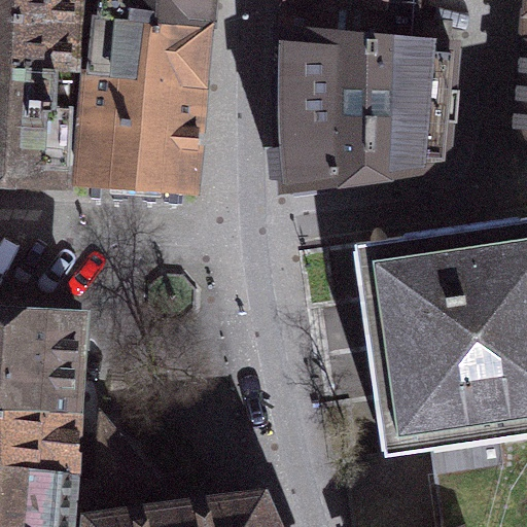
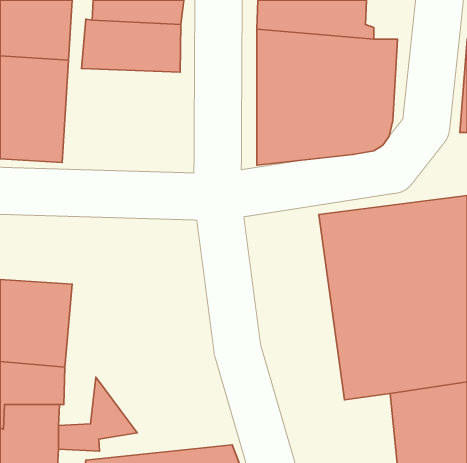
building: [86,81,203,191] -> none

